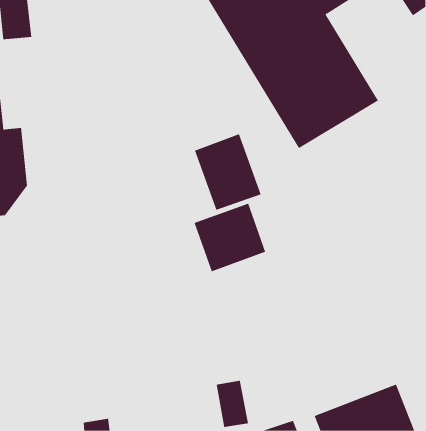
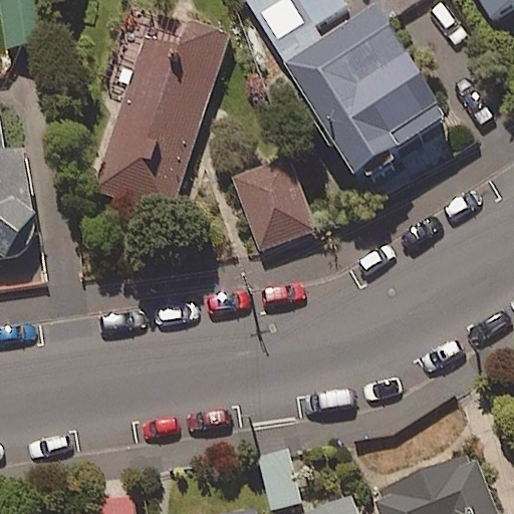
building: none -> [95,14,226,214]
building: [194,203,266,272] -> none

